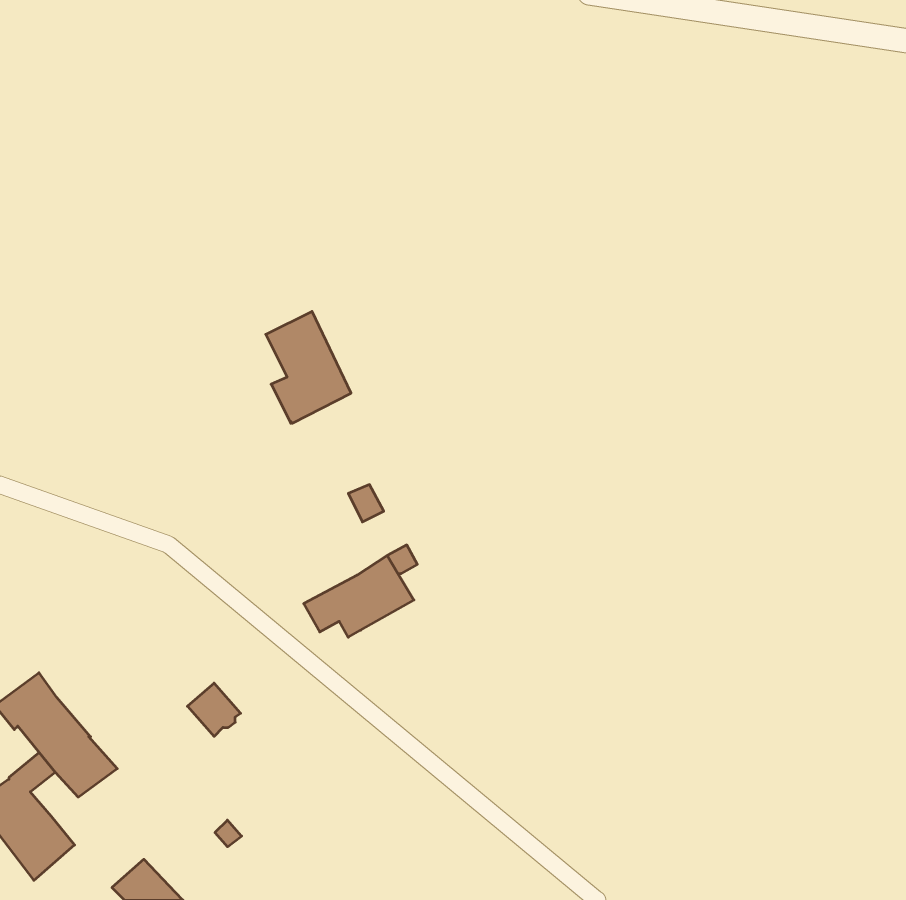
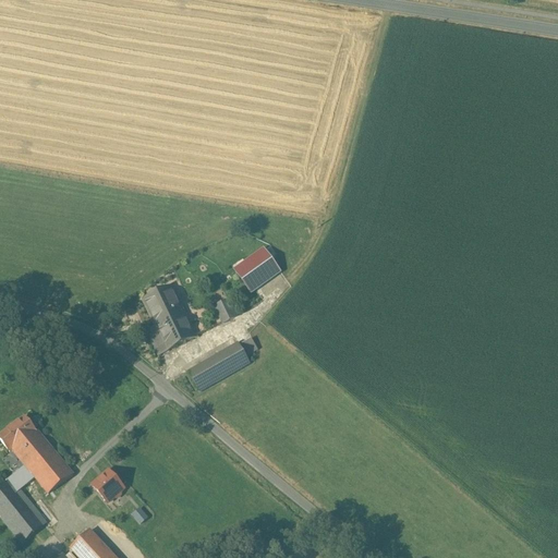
building: [266,311,351,423] -> [142,283,194,352]
building: none -> [234,246,278,289]
building: [187,683,241,736] -> [90,468,123,500]

